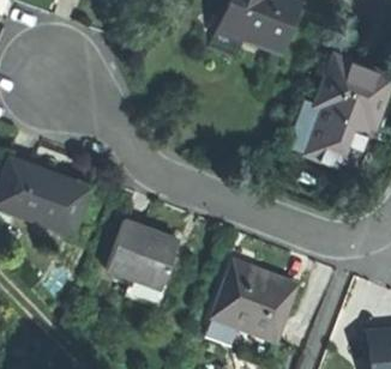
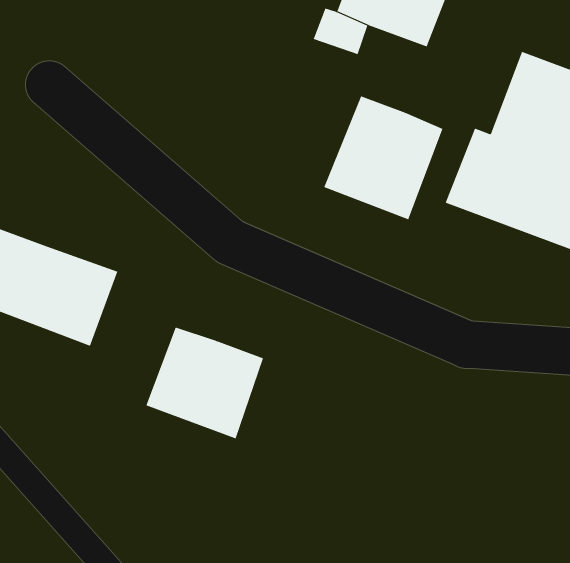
building: none -> [324,96,443,220]
building: [210,260,296,341] -> none

